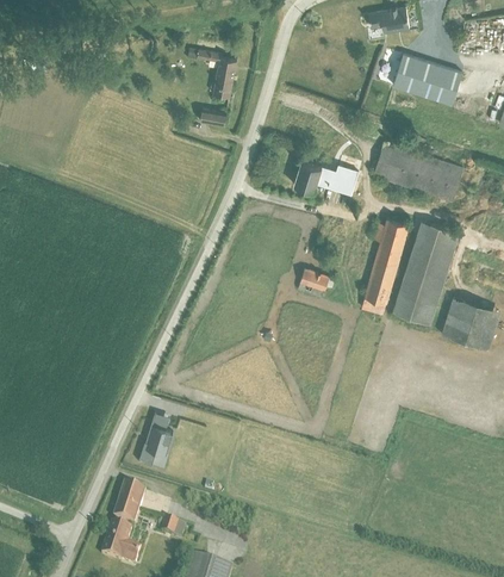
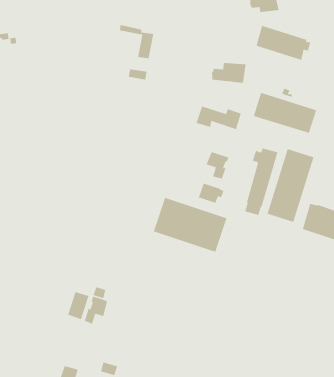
building: none -> [211,62,247,85]
building: none -> [206,151,229,180]
building: none -> [153,197,227,253]
building: [113,484,144,525] -> [67,291,89,320]

